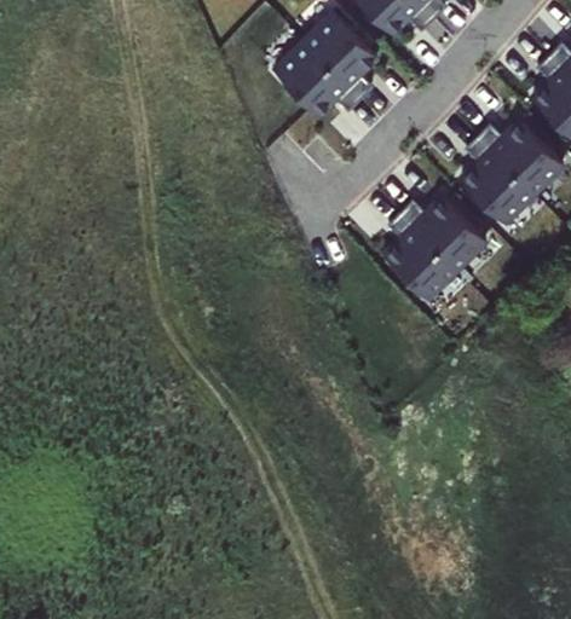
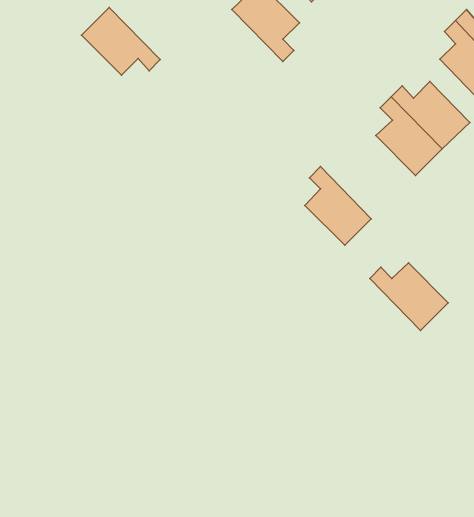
building: [273,42,359,116] -> [82,8,160,75]
building: [400,197,486,271] -> [370,263,448,330]

